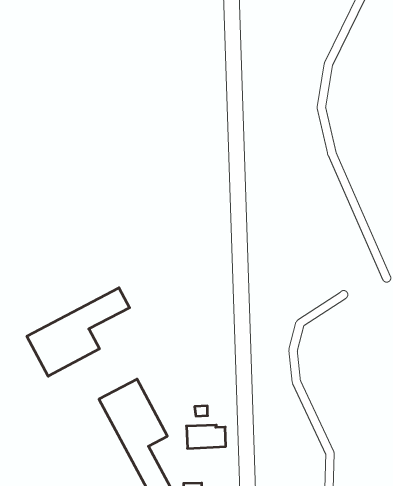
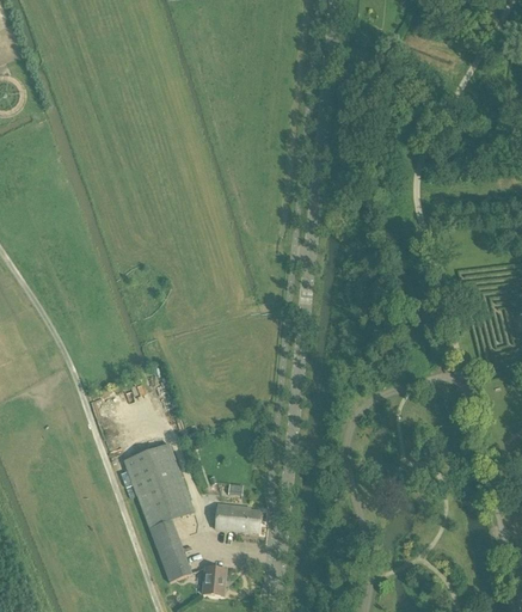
building: [27,288,130,376] -> none

